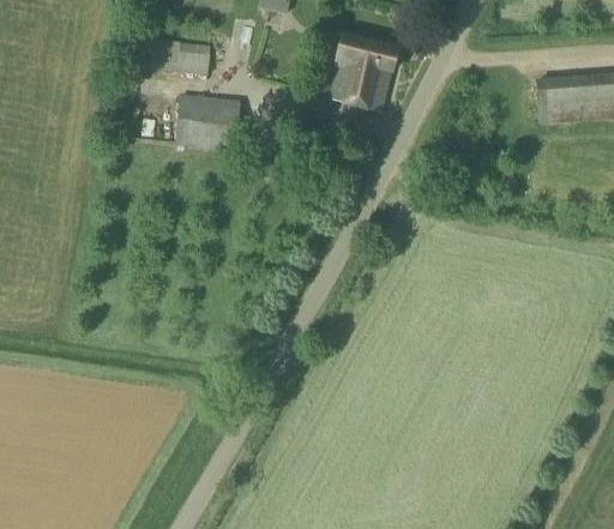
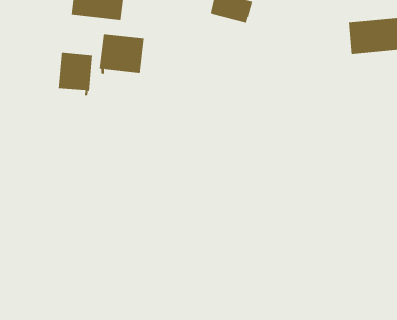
building: [331,66,389,112] -> none
building: none -> [58,52,93,96]

